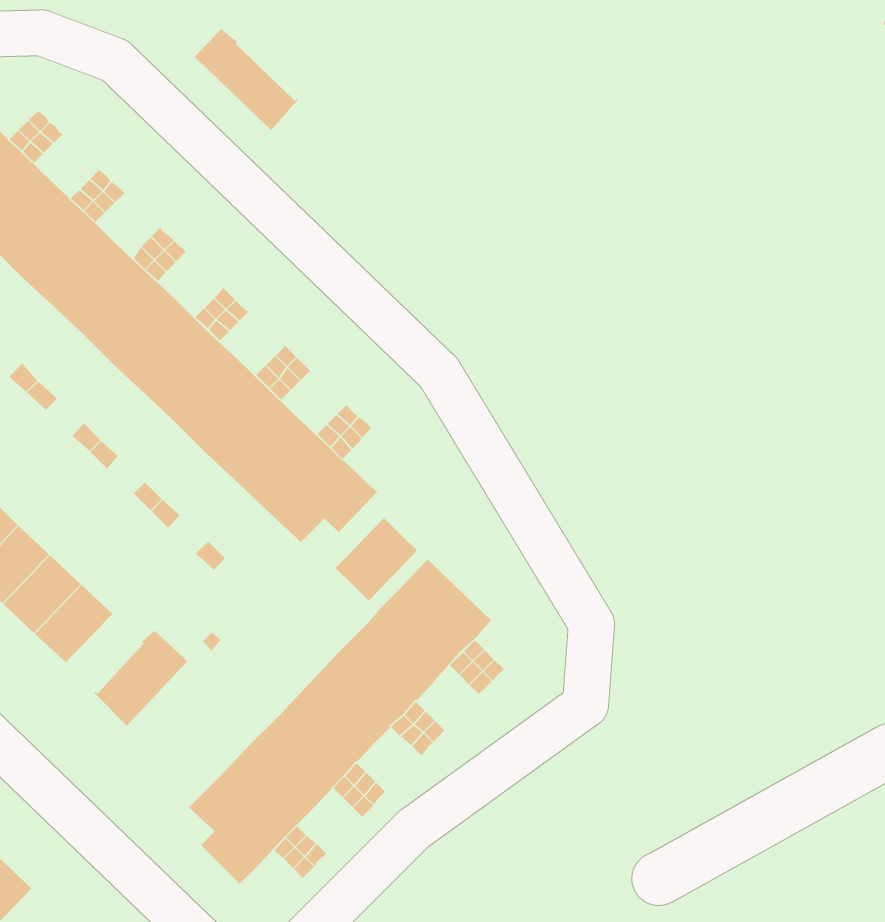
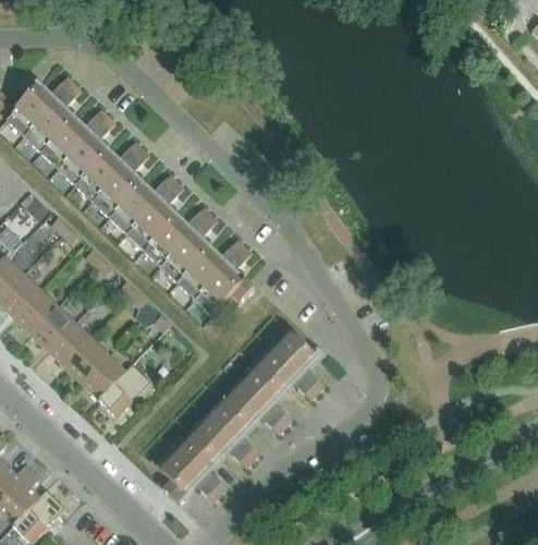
building: [194,28,299,131] -> none
building: [335,517,418,601] -> none
building: none -> [82,354,124,398]

